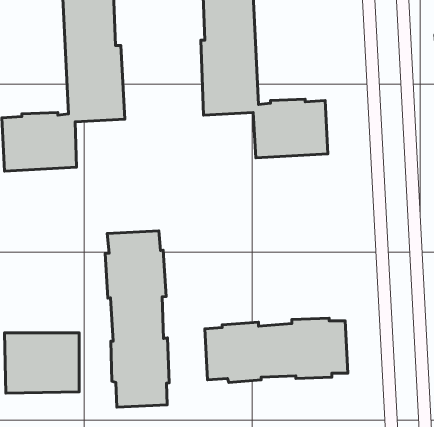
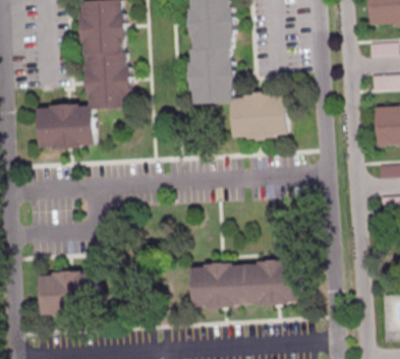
building: [105,231,169,407] -> none

